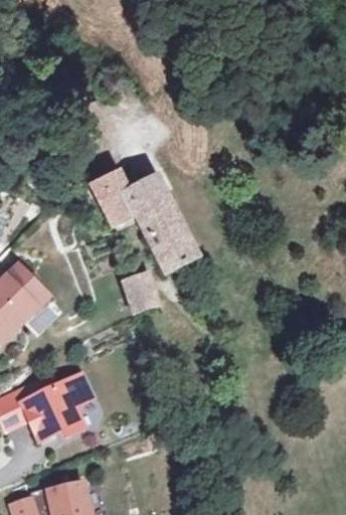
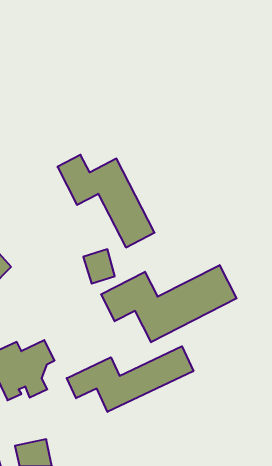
building: none -> [101,265,237,342]
building: none -> [67,346,193,412]

